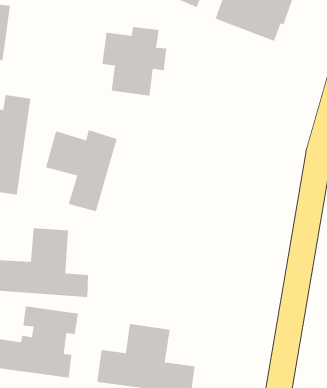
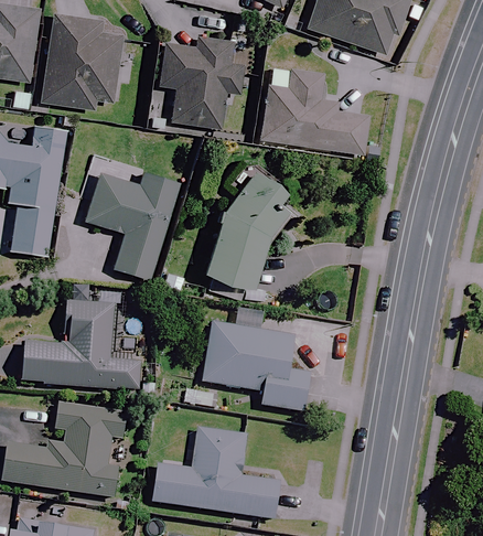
building: none -> [44,14,122,108]
building: none -> [260,66,368,152]
building: none -> [202,169,298,290]
building: none -> [207,323,312,412]

